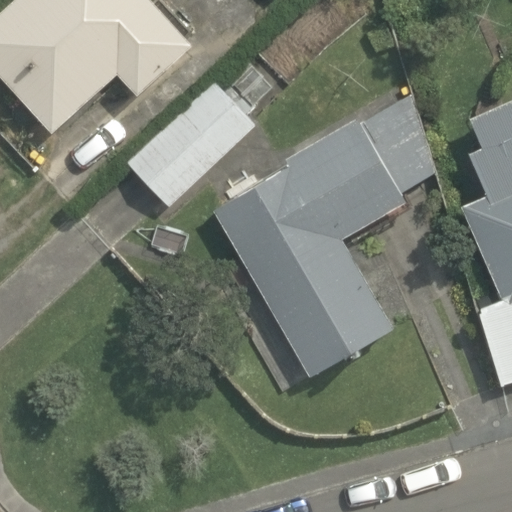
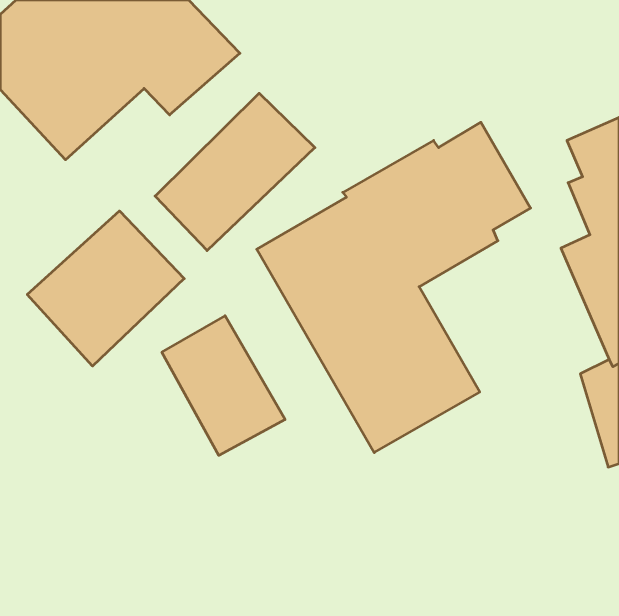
building: none -> [27,211,184,366]
building: none -> [162,316,285,455]

